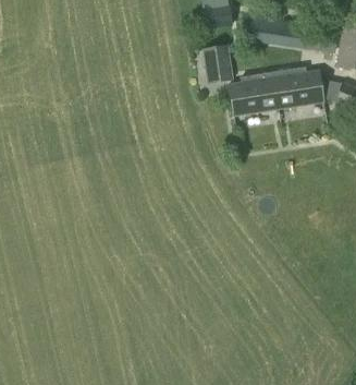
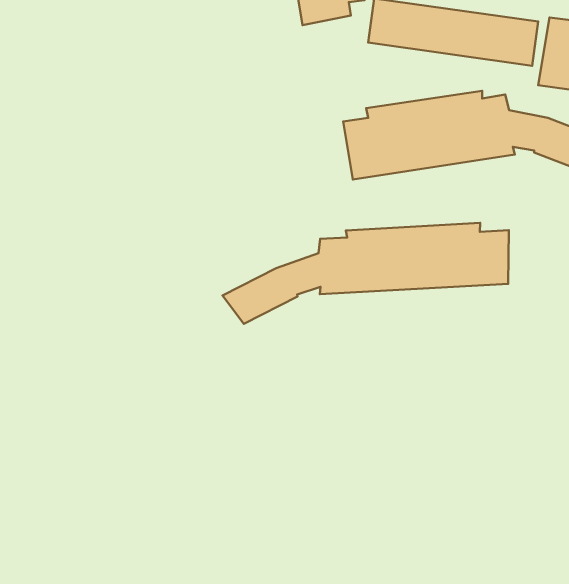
building: [201,46,233,85] -> none
building: none -> [223,223,509,324]

